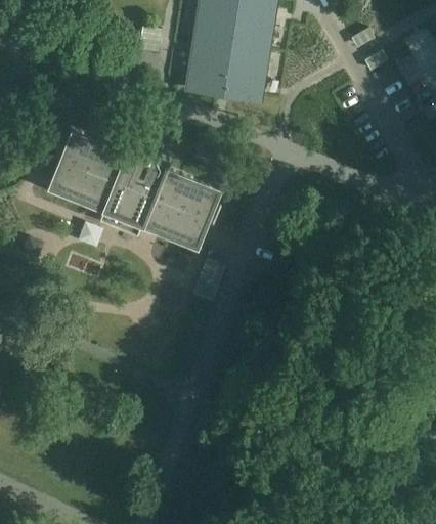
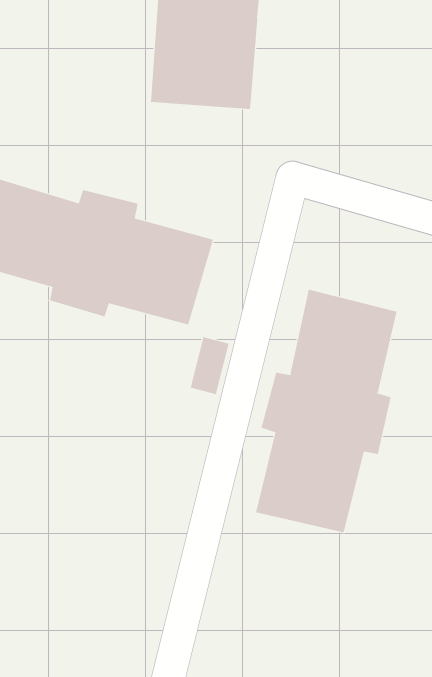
building: none -> [255,289,397,533]

